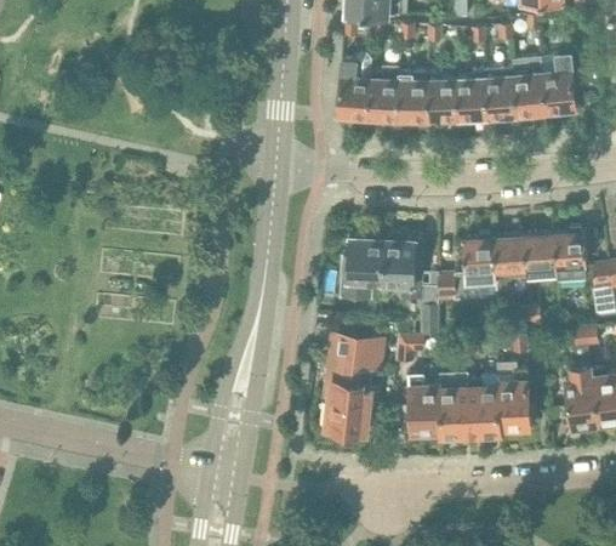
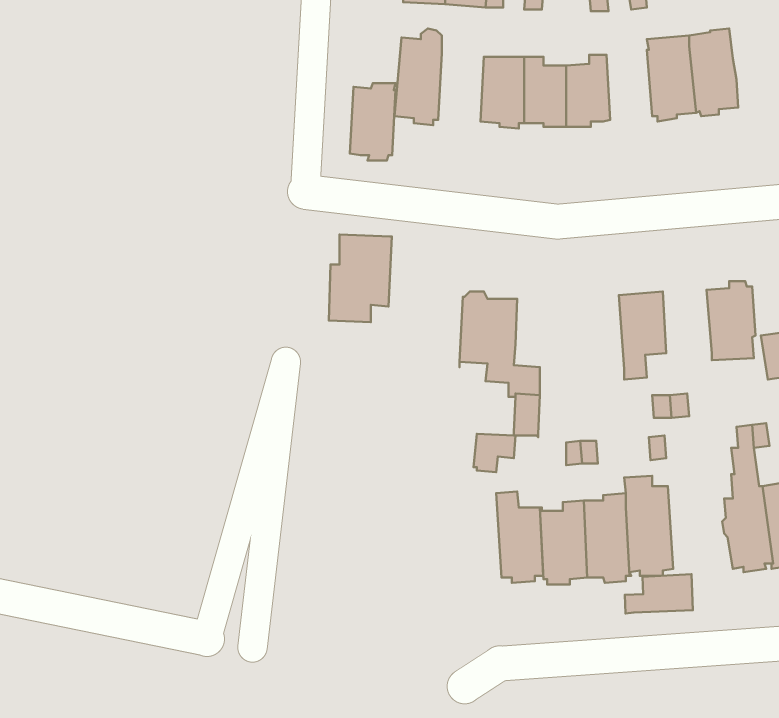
building: [367,69,399,123] -> [350,83,396,160]
building: [484,69,515,121] -> none
building: [438,235,496,302] -> none
building: [523,235,557,281] -> none
building: [341,239,384,300] -> [329,235,392,322]
building: [324,325,382,437] -> none
building: none -> [625,574,693,614]

